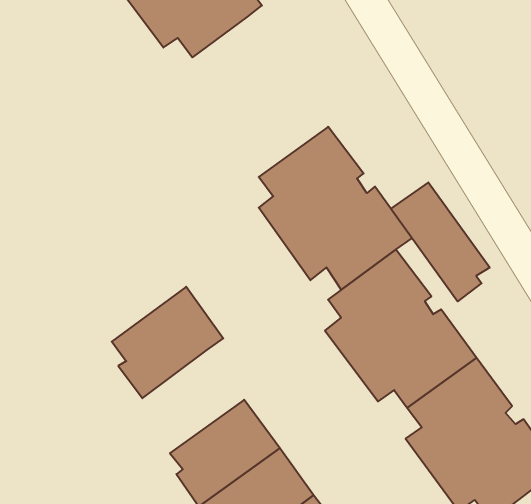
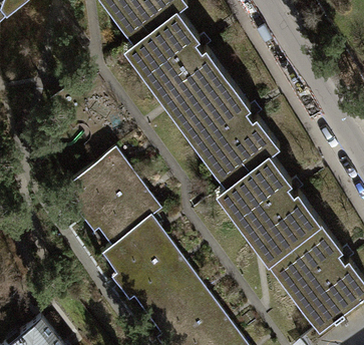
building: none -> [135,14,229,113]
building: [391,182,490,301] -> none
building: none -> [68,151,140,216]
building: none -> [104,221,176,285]

